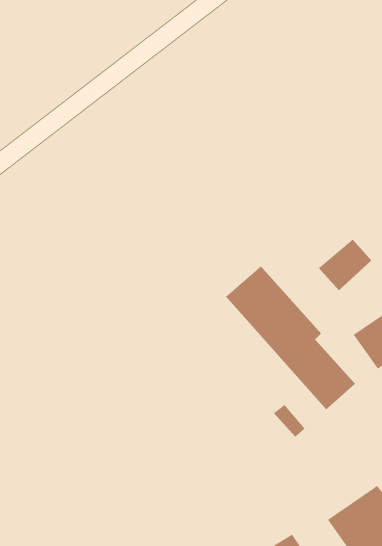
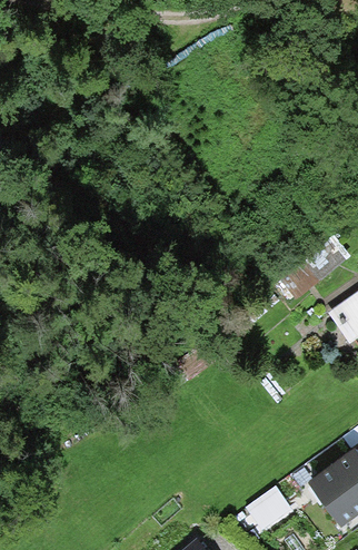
building: [225,266,356,410] -> none

